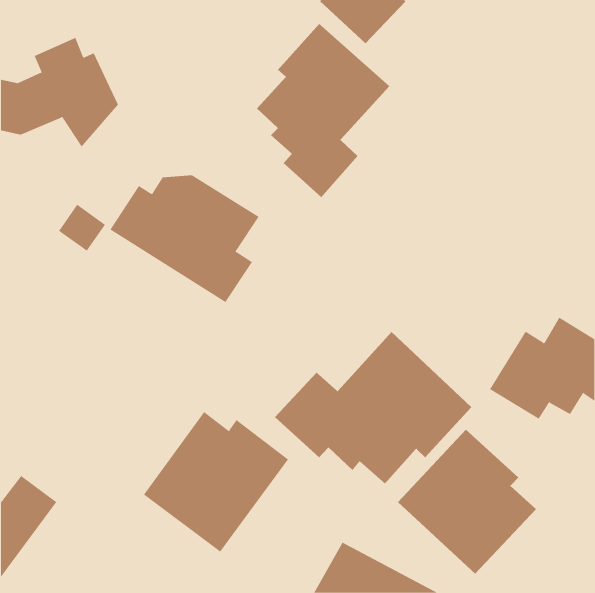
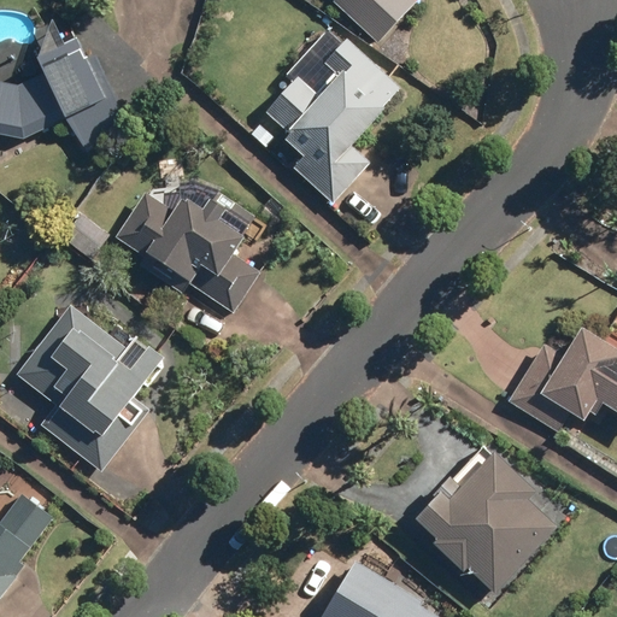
building: none -> [14,304,163,472]
building: [274,331,472,485] -> none
building: [143,411,289,552] -> none

